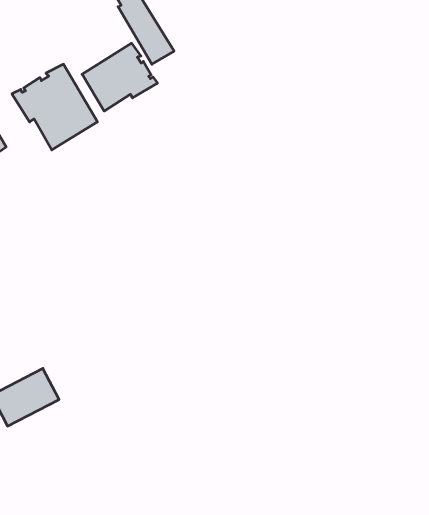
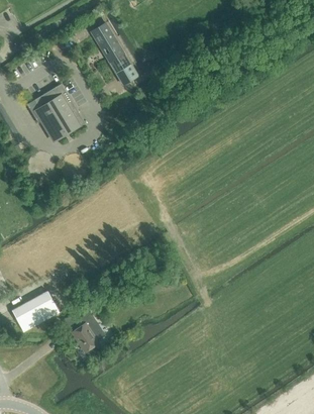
building: [82,43,157,111] -> none
building: none -> [64,310,105,351]

